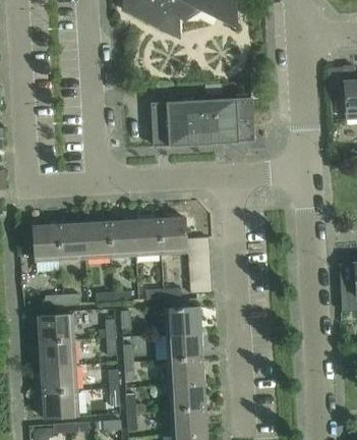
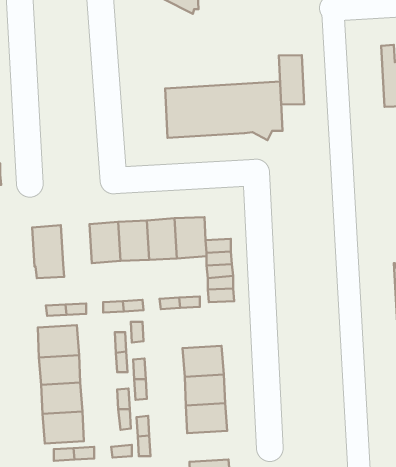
building: none -> [279,55,304,104]
building: [58,224,85,260] -> none
building: [165,307,200,334] -> none
building: [170,407,206,435] -> none

